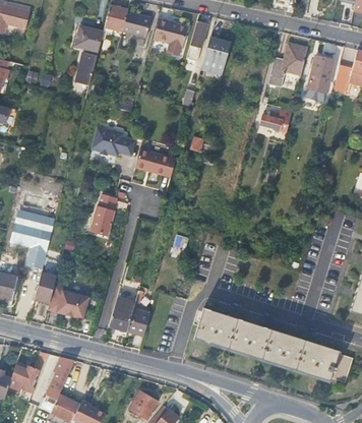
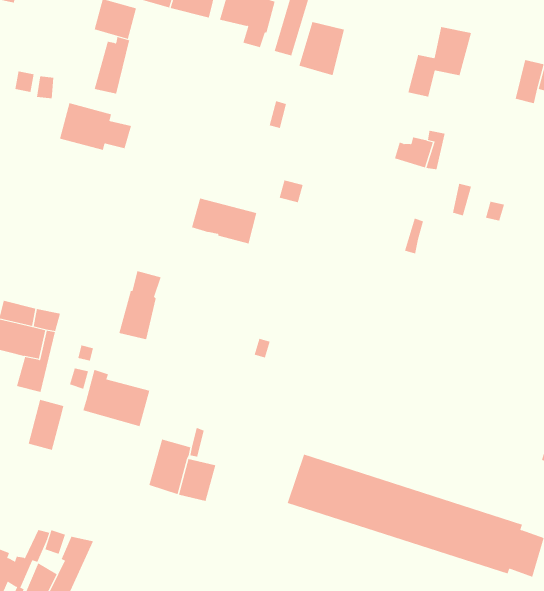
building: [305,54,335,101] -> none
building: [90,126,135,156] -> [59,103,132,150]
building: [48,285,89,320] -> [82,369,150,427]

